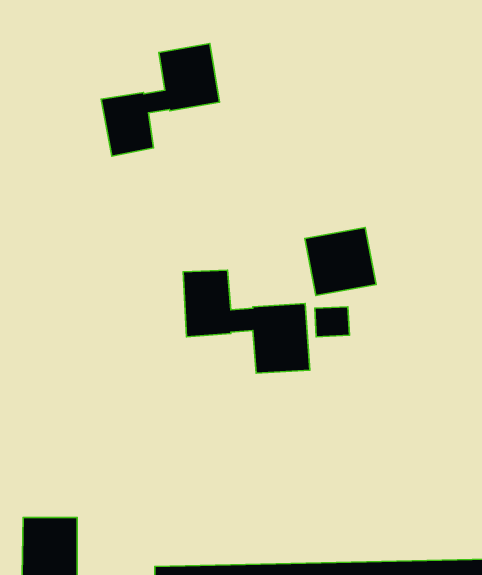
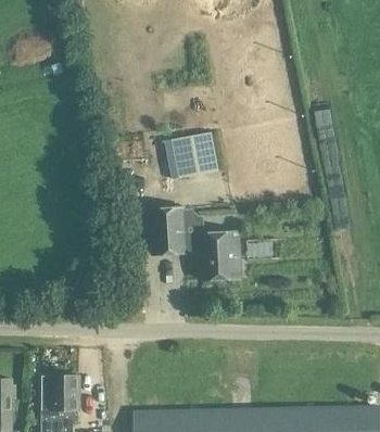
building: [101,44,219,156] -> none
building: [305,227,376,296] -> [170,132,219,179]

